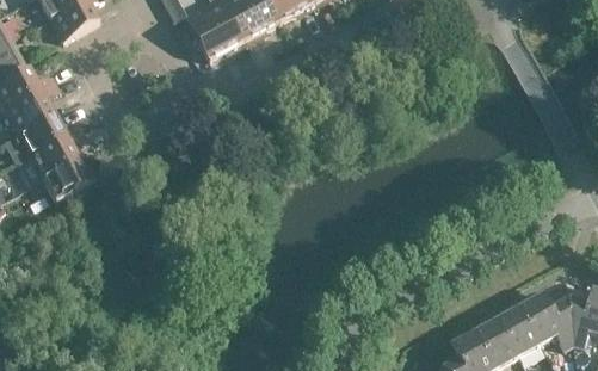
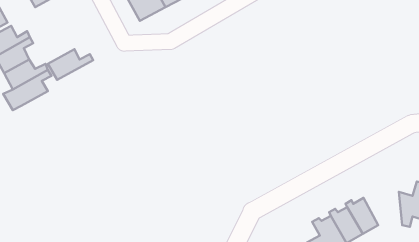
building: [43,156,106,199] -> [48,49,93,80]
building: [517,292,573,347] -> none

